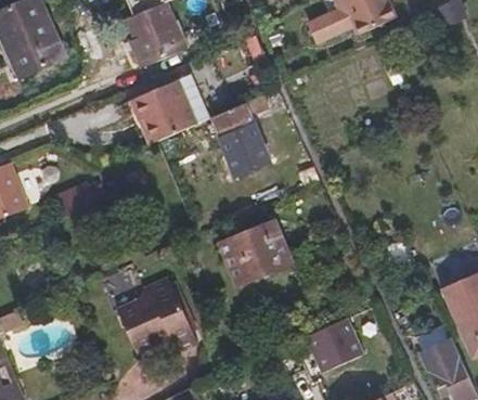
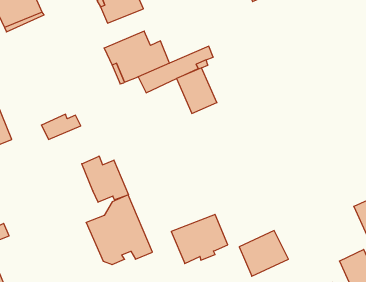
building: [220,222,288,282] -> [171,214,228,264]
building: none -> [82,156,128,202]

